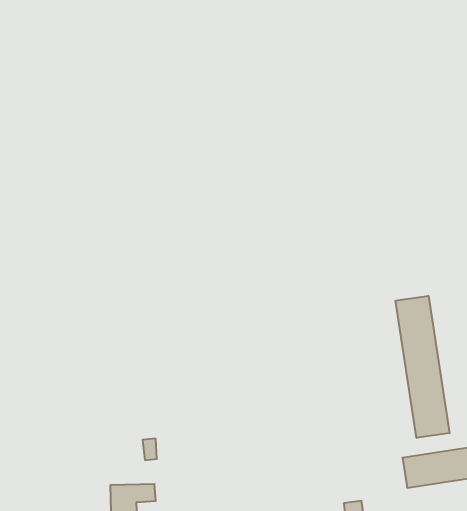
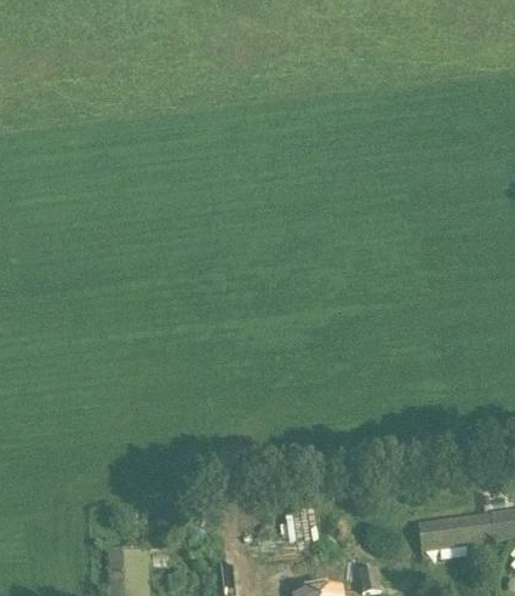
building: [396,296,449,438] -> none

